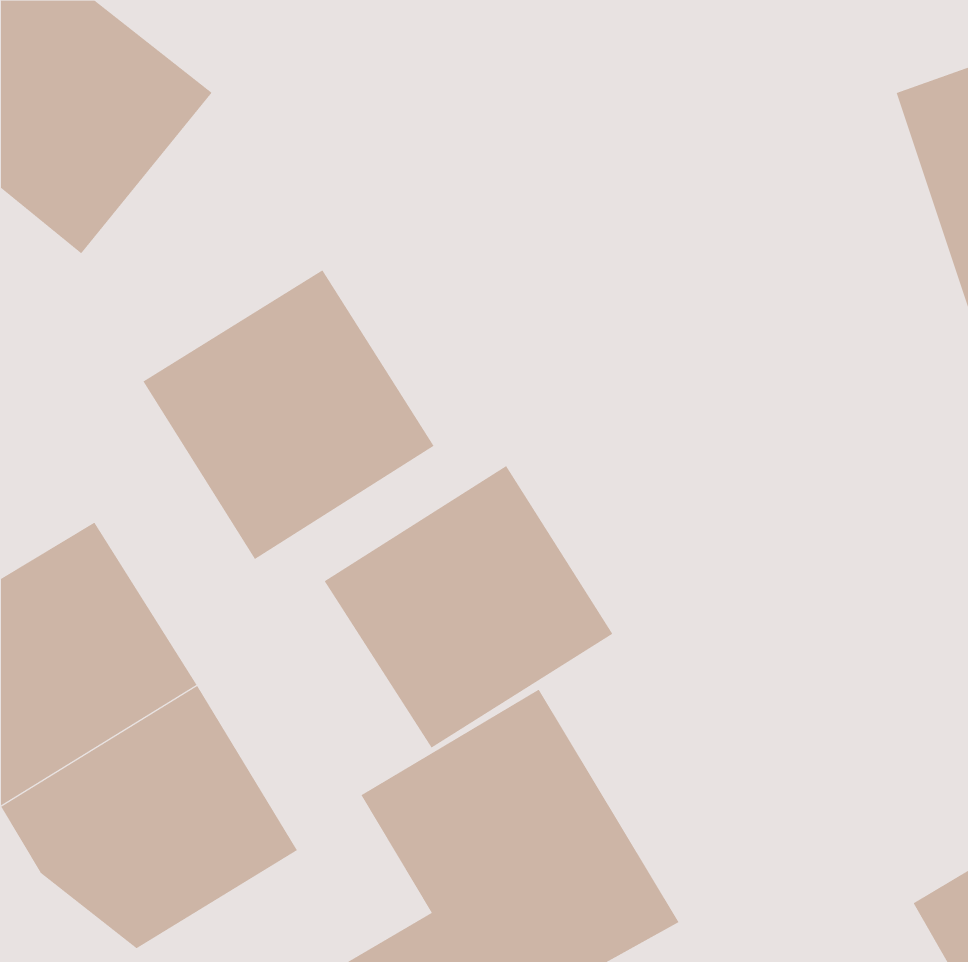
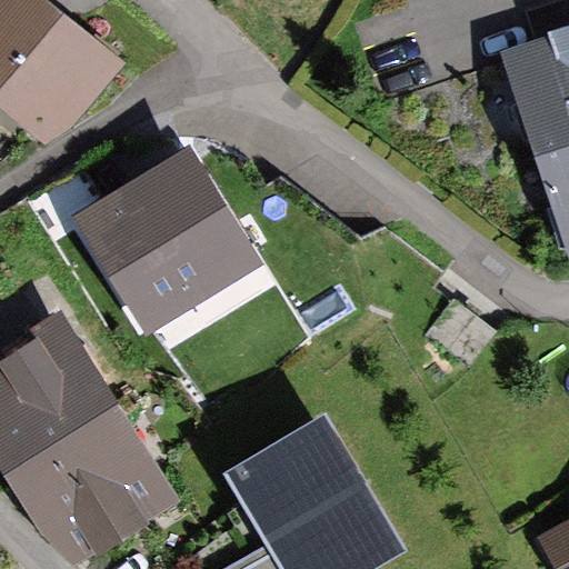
building: [324,465,613,748] -> none

